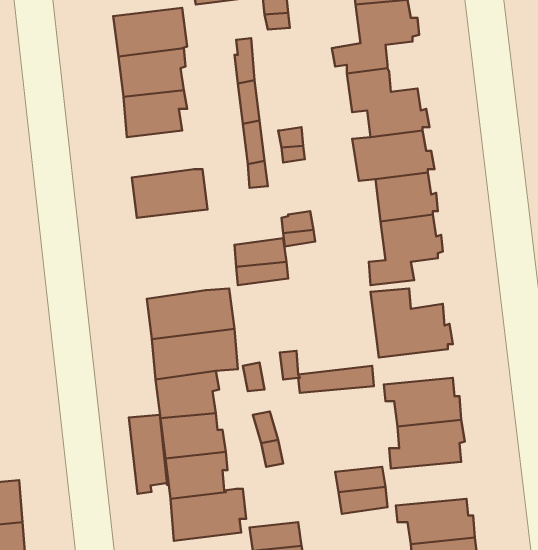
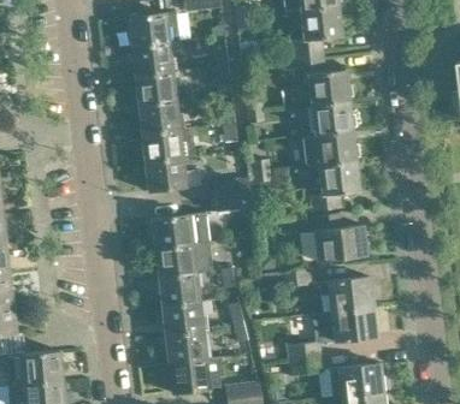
building: none -> [136,101,184,135]
building: none -> [143,159,200,192]
building: [129,415,167,494] -> none

